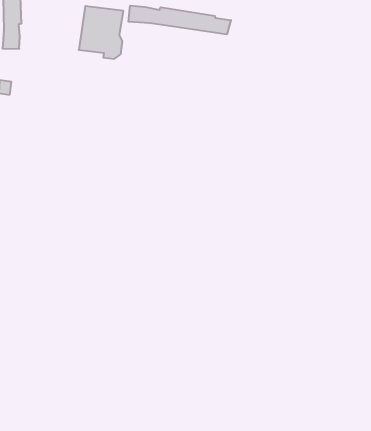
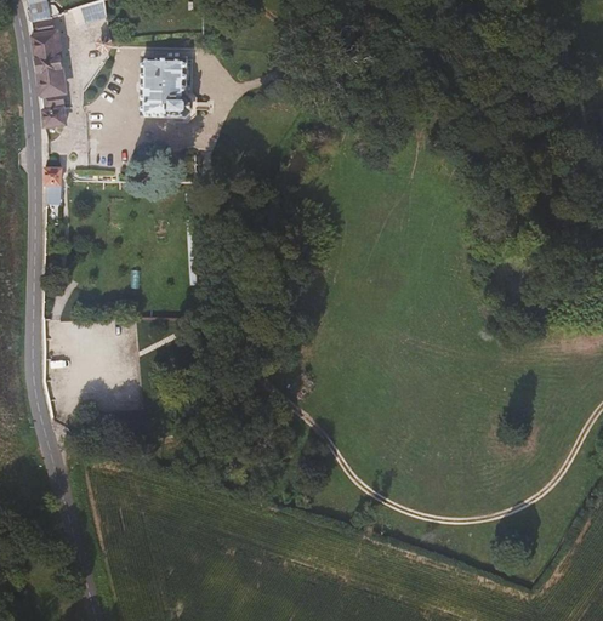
building: [128,6,231,34] -> none

